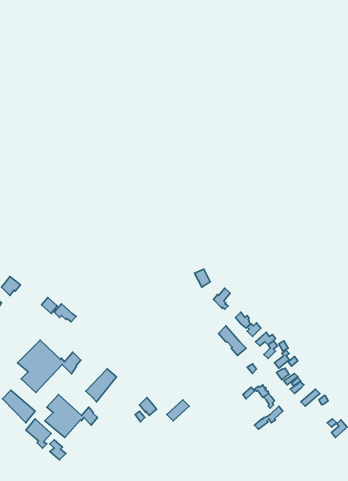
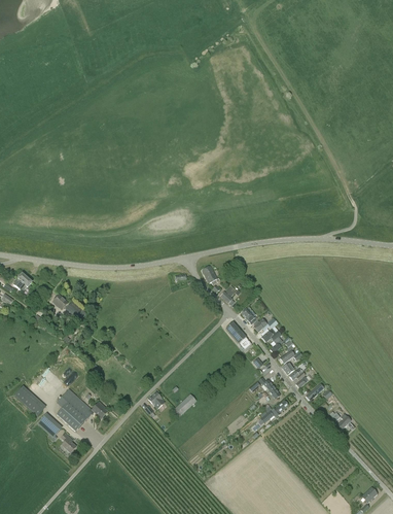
building: [17,340,81,393] -> none
building: [86,369,117,402] -> none

